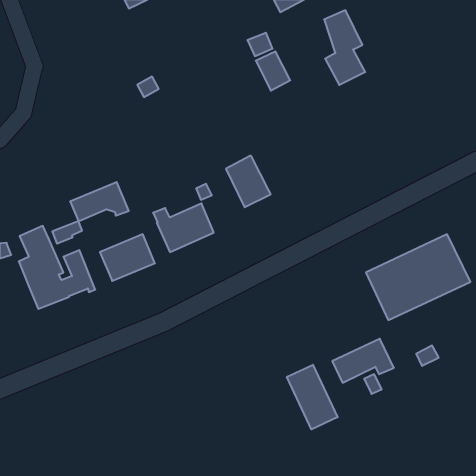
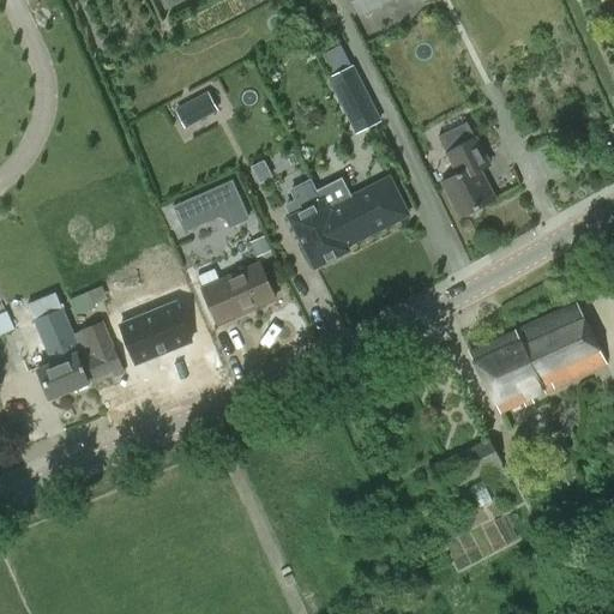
building: [324,10,365,85] -> [441,119,494,215]
building: none -> [317,177,408,245]
building: [70,182,129,221] -> [171,180,247,230]
building: [287,365,338,429] -> none

